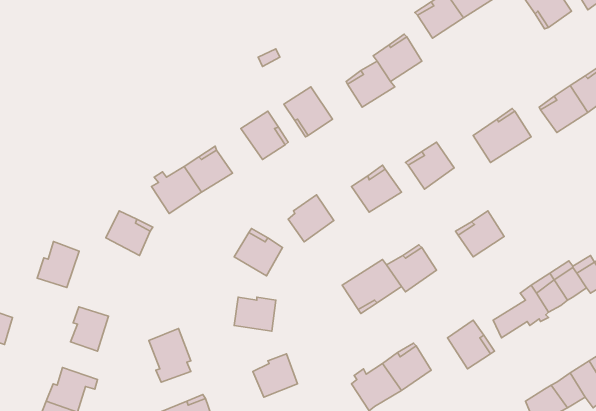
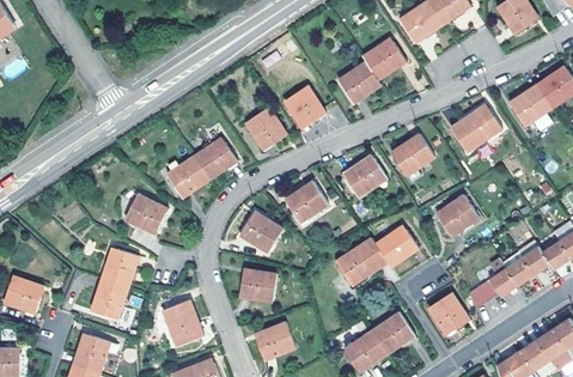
building: [37,242,79,288] -> [102,248,139,288]

